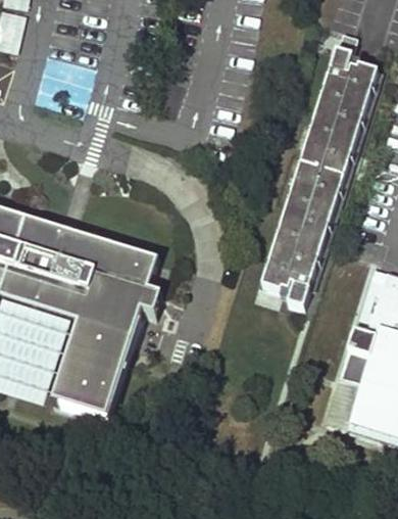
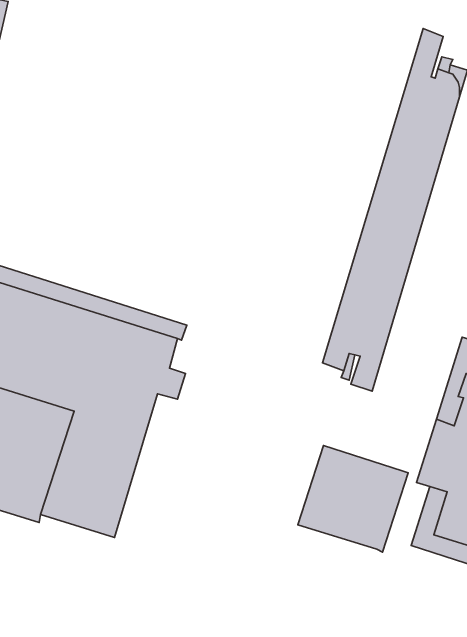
building: none -> [298,446,408,552]

